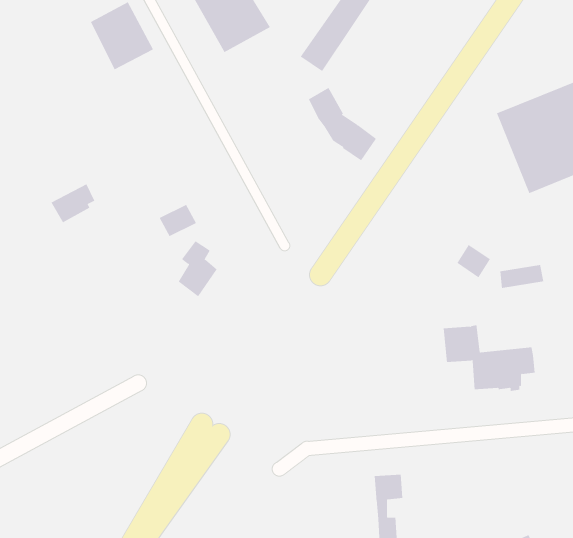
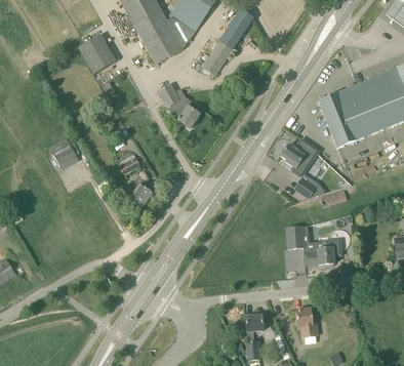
building: [308,87,377,161] -> [158,83,199,127]
building: none -> [280,138,318,175]
building: none -> [296,308,317,336]

